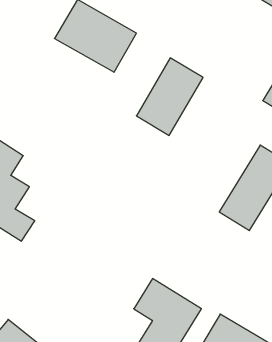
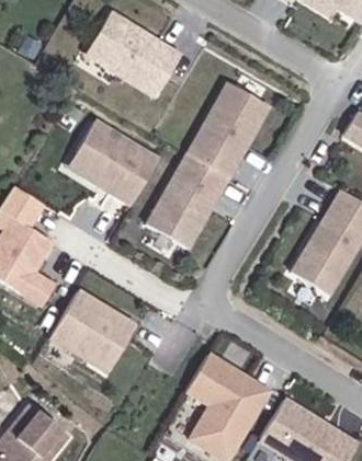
building: none -> [66,116,162,208]
building: none -> [146,153,228,249]
building: none -> [50,286,142,372]

